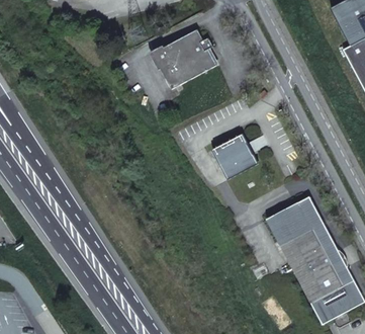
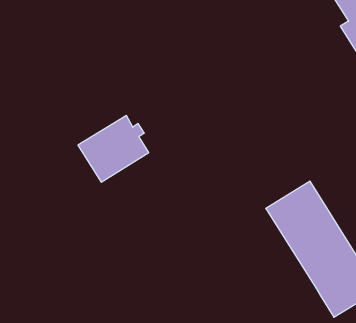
building: [152,29,216,89] -> [78,116,149,182]
building: [215,137,255,176] -> none

